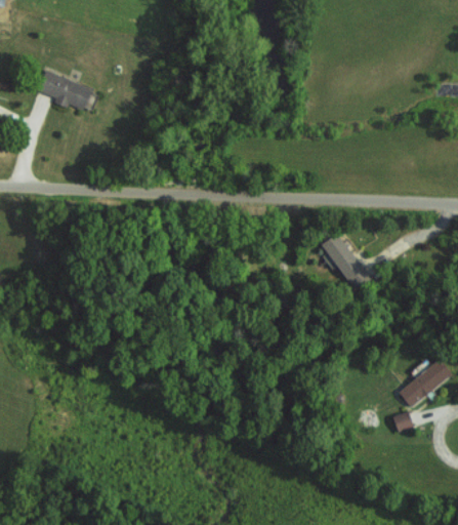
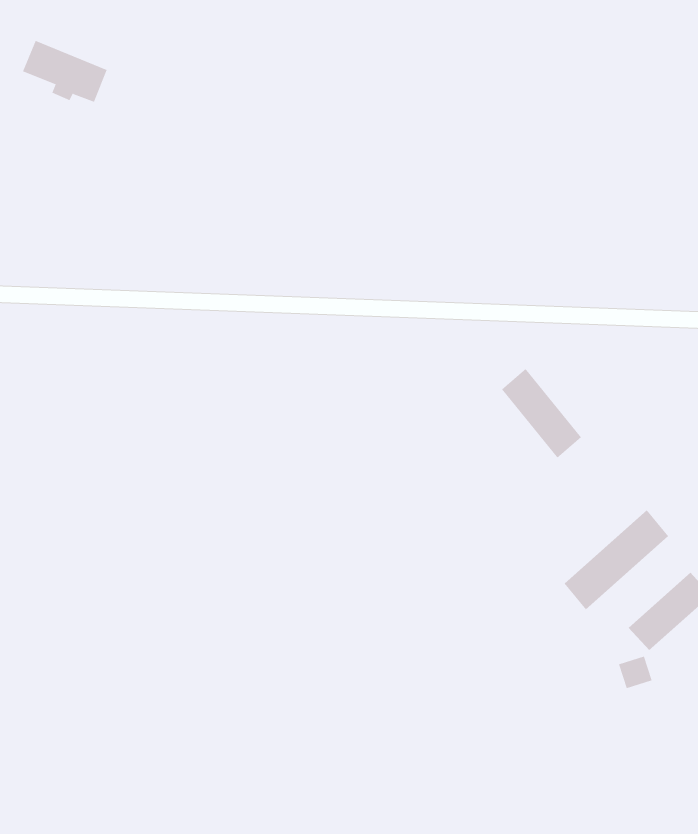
building: [37,70,90,109] -> [22,40,108,103]
building: none -> [564,509,669,610]

